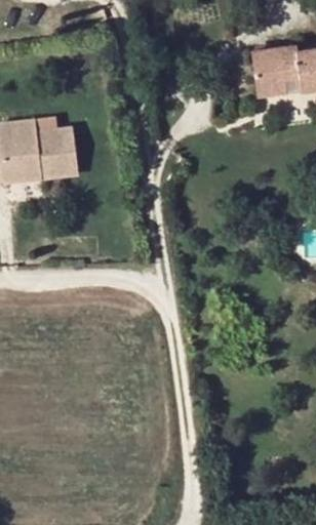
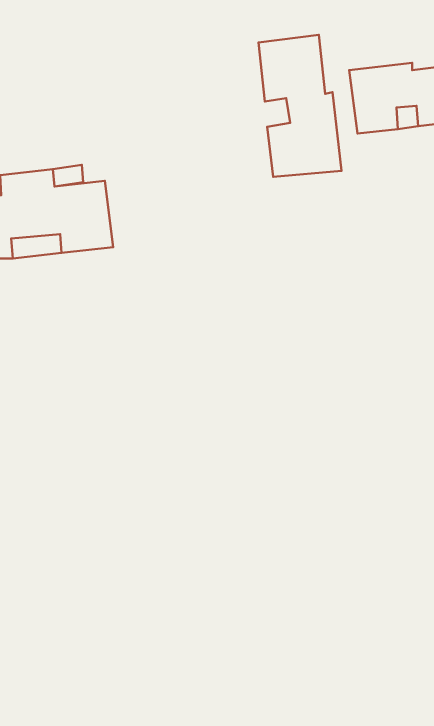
building: none -> [259,35,342,177]

